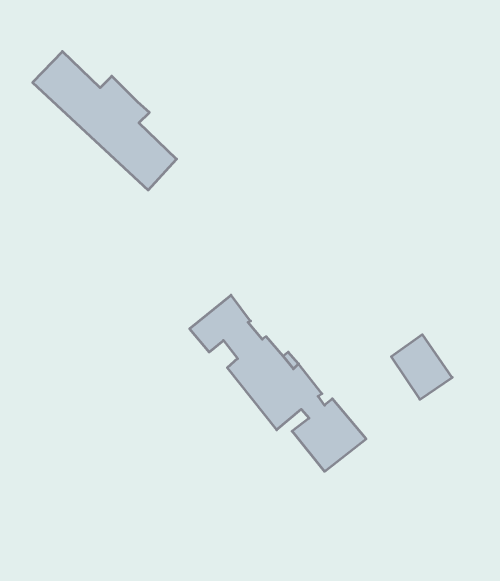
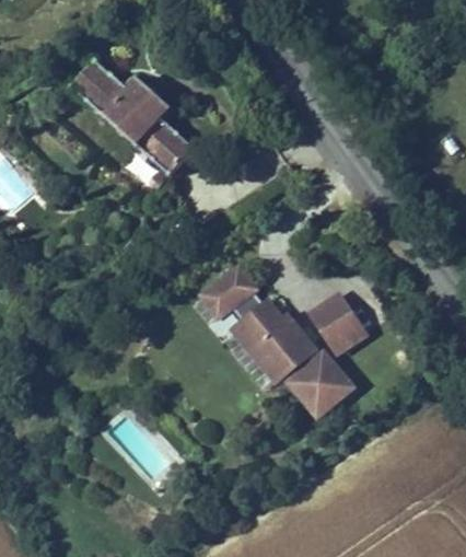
building: [391,335,452,399] -> [313,294,364,349]

